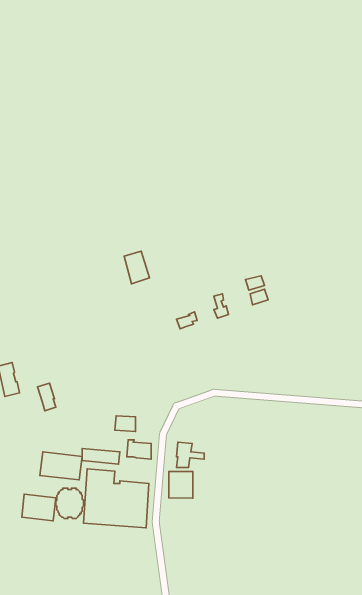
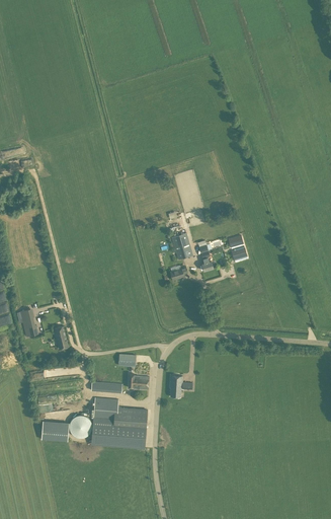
building: [124,251,150,284] -> [171,232,192,260]
building: [40,452,82,480] -> none
building: [169,471,193,498] -> none

